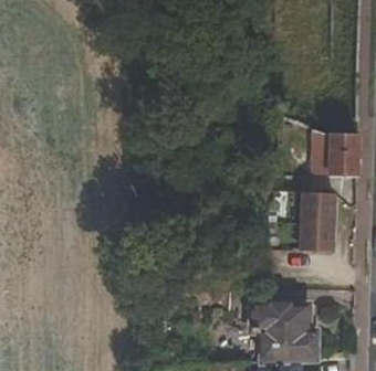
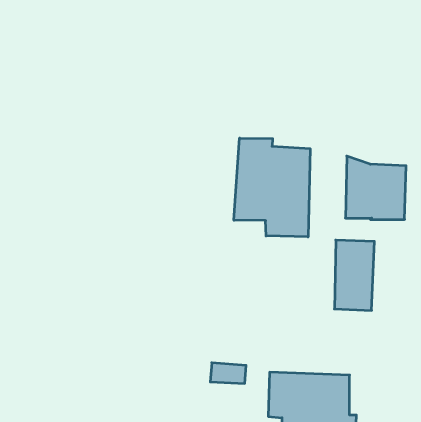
building: none -> [234,138,310,237]

